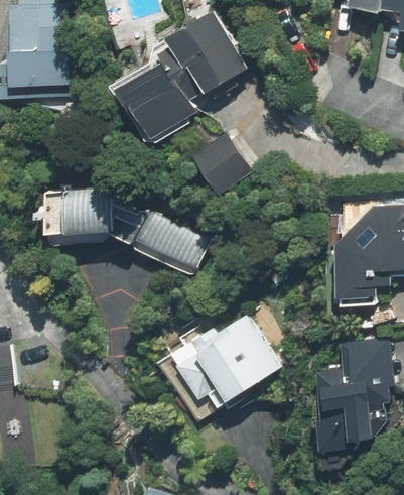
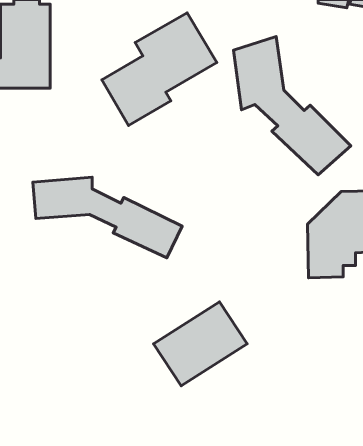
building: none -> [234,37,351,175]
building: [195,137,246,191] -> none
building: [319,346,385,449] -> none

